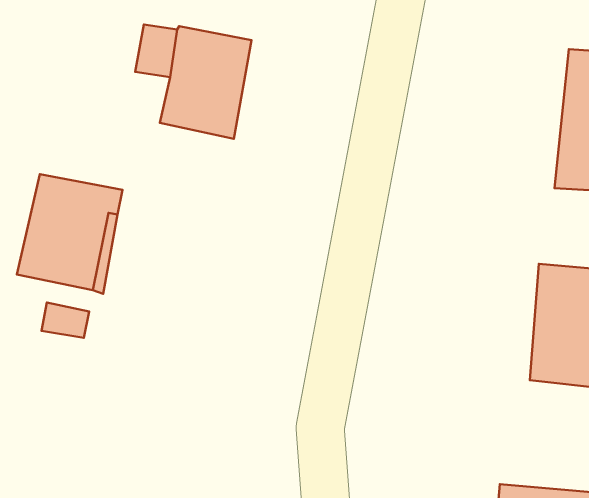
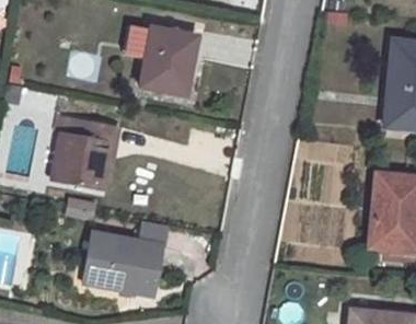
building: none -> [83,233,161,293]

